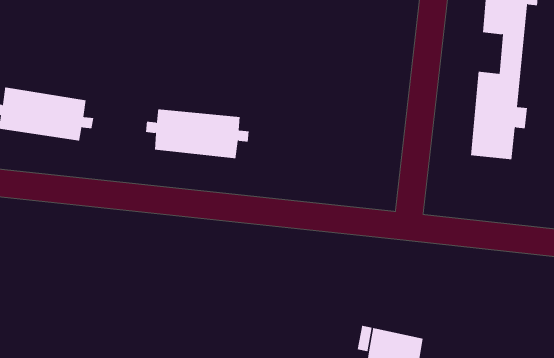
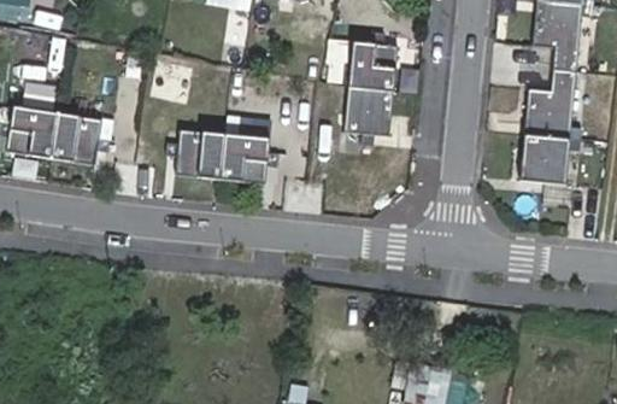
building: none -> [345,31,400,145]

